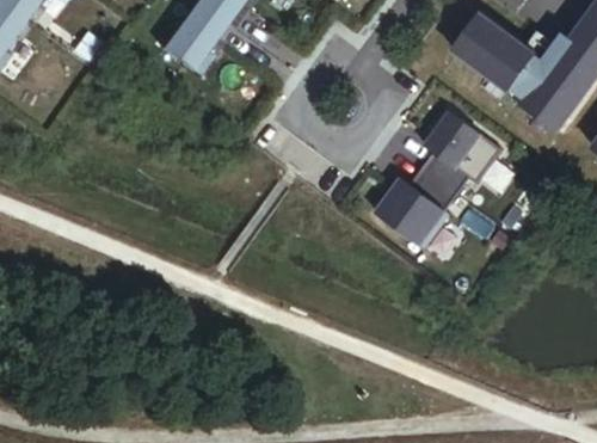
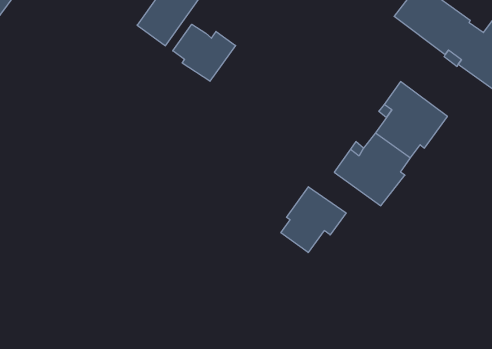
building: none -> [173,24,236,81]
building: none -> [281,187,346,253]

